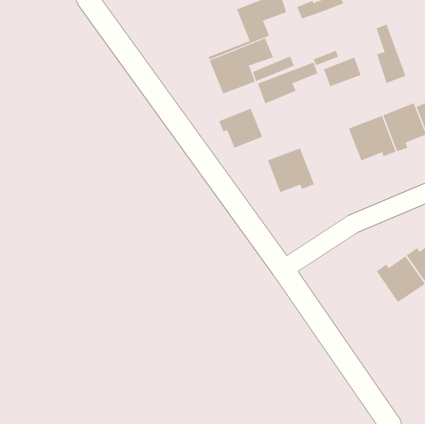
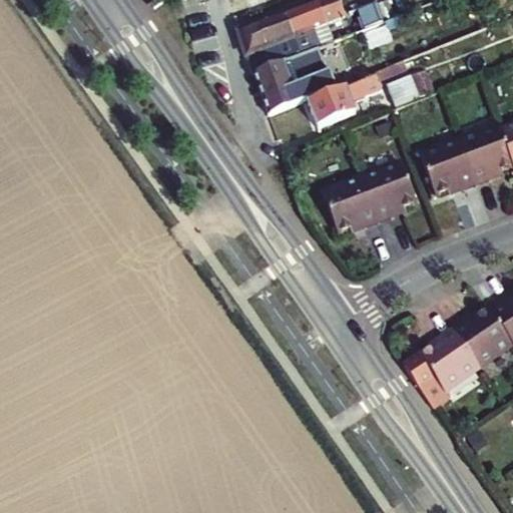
building: none -> [238,11,301,68]
building: [376,24,406,84] -> none
building: [219,108,263,148] -> none
building: none -> [363,162,417,221]
building: none -> [406,326,479,407]

